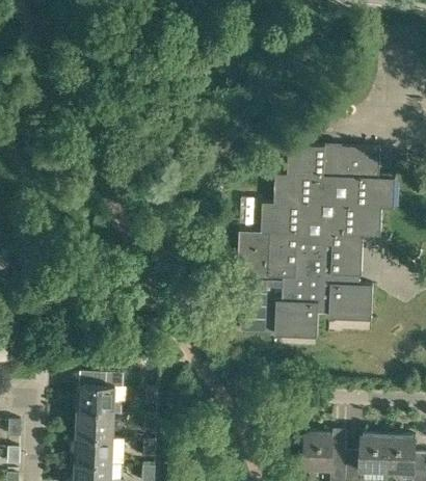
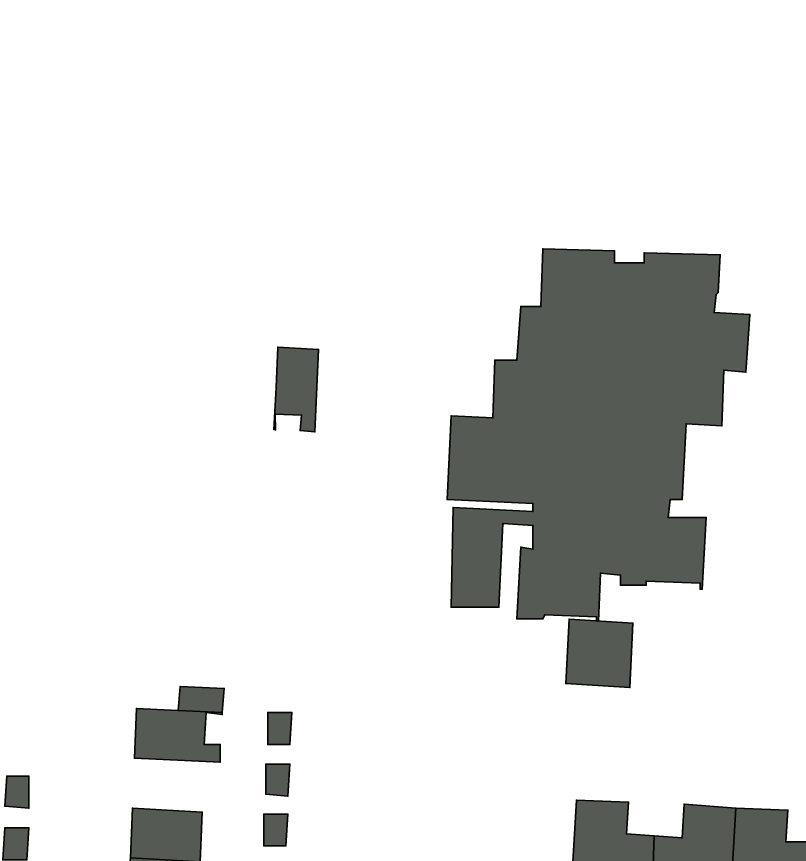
building: none -> [274,347,319,432]
building: none -> [566,619,633,687]
building: [74,411,119,439] -> none

